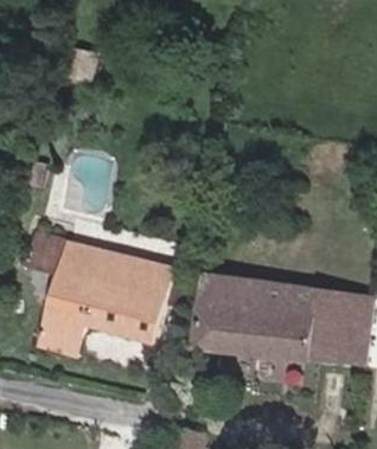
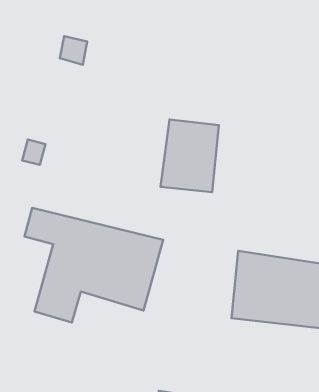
building: [194,274,257,352] -> [161,120,219,192]

